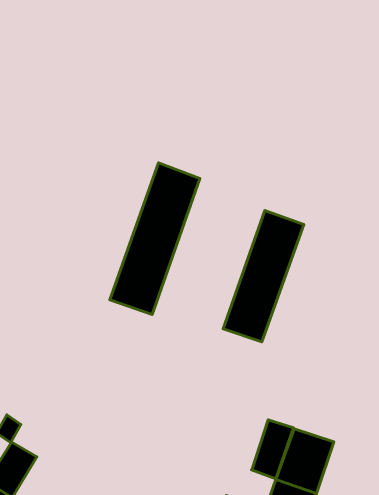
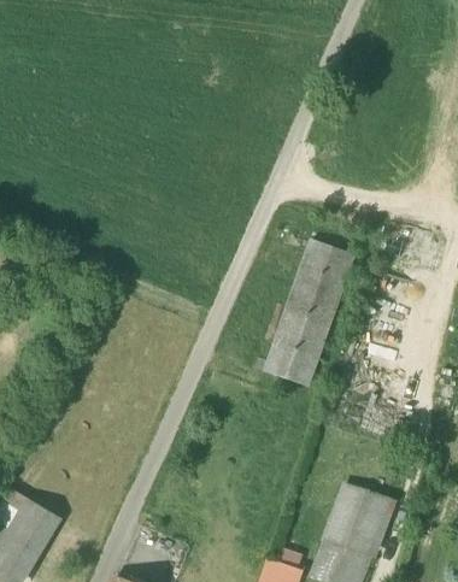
building: [110,163,200,315] -> none
building: [252,420,293,479] -> none

